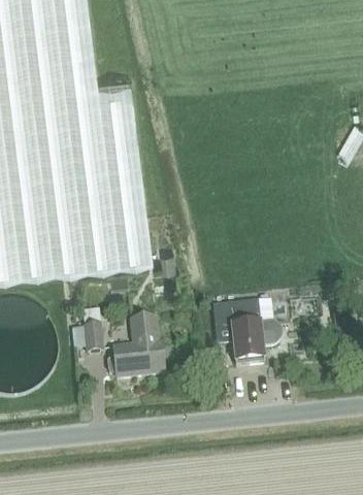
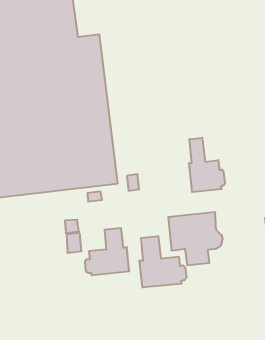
building: none -> [189,138,225,192]
building: none -> [140,236,186,288]

